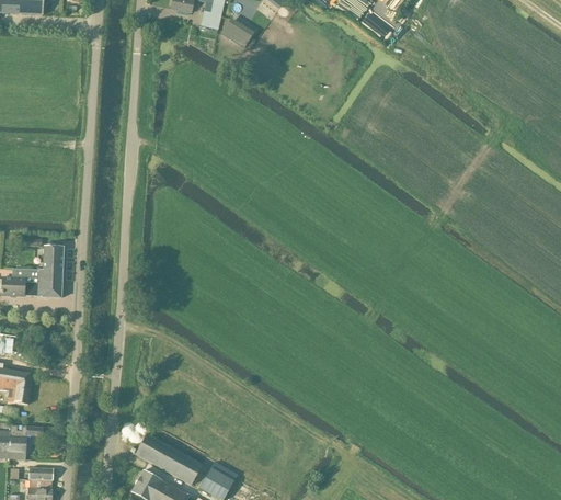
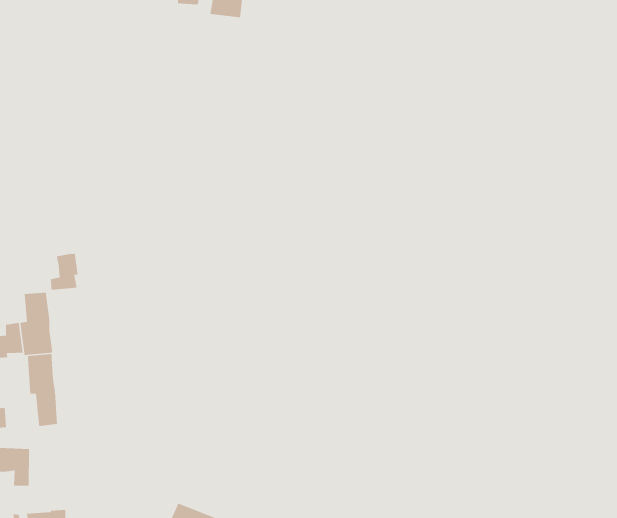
building: none -> [50,253,78,291]
building: none -> [27,353,58,427]

